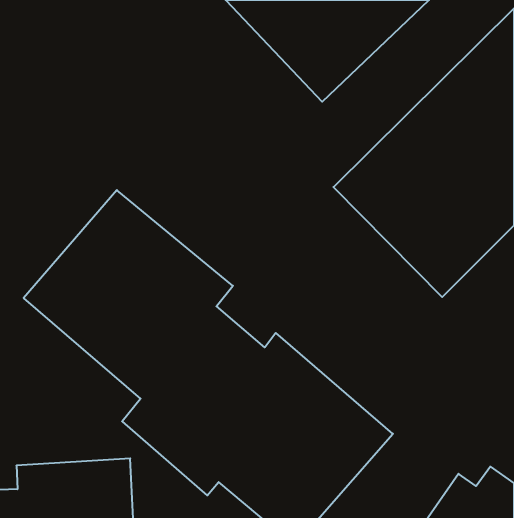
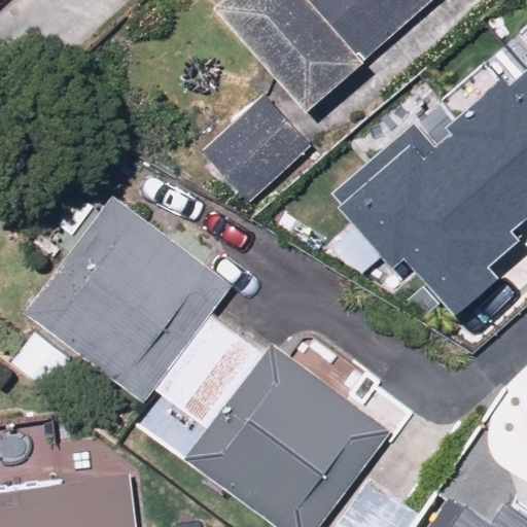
building: none -> [201,92,321,204]

